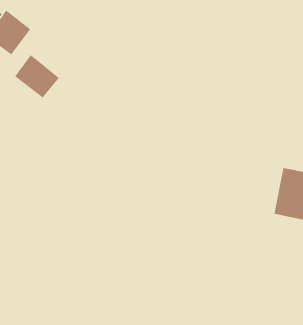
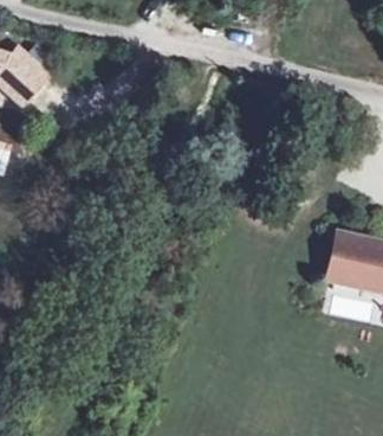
building: [14,54,60,98] -> none

